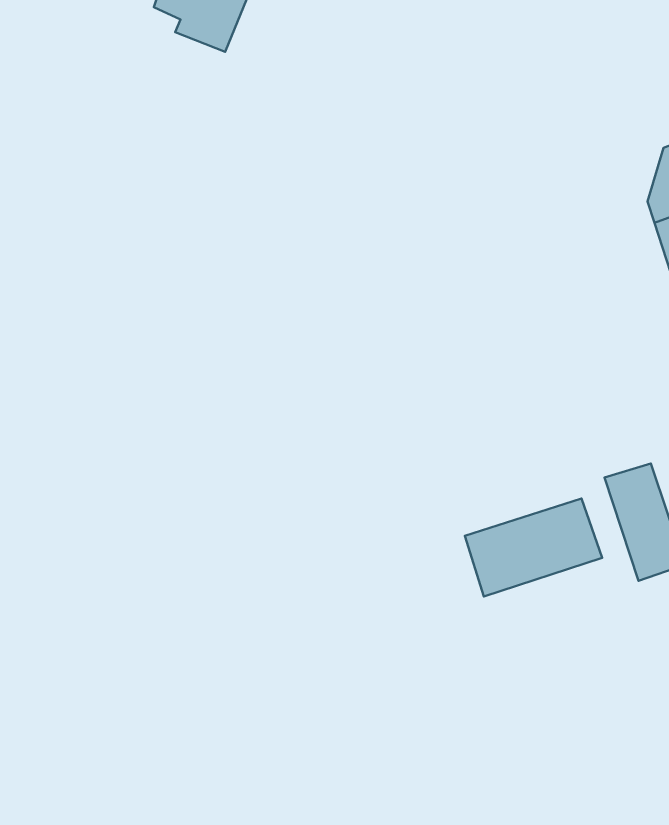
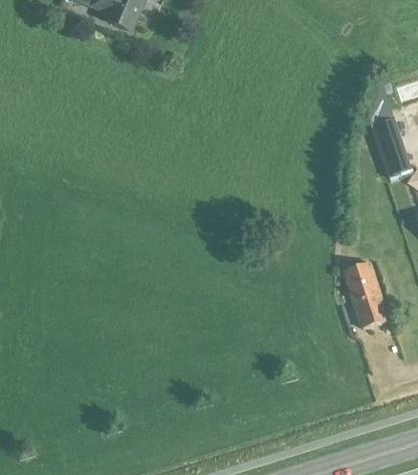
building: [465,498,602,596] -> none

